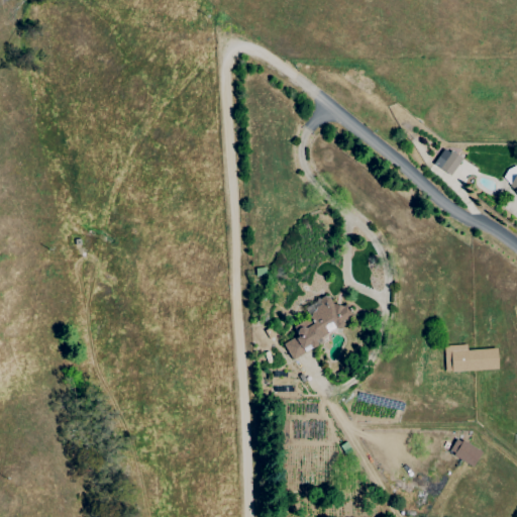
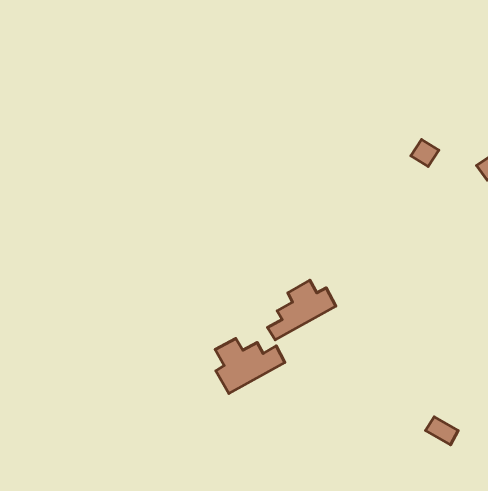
building: [446,345,500,372] -> none
building: none -> [215,338,285,393]

